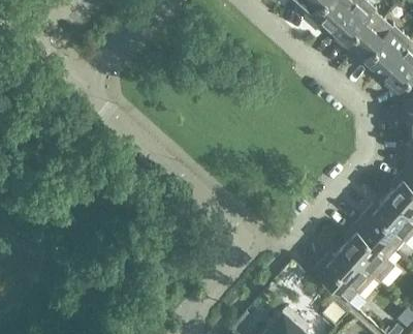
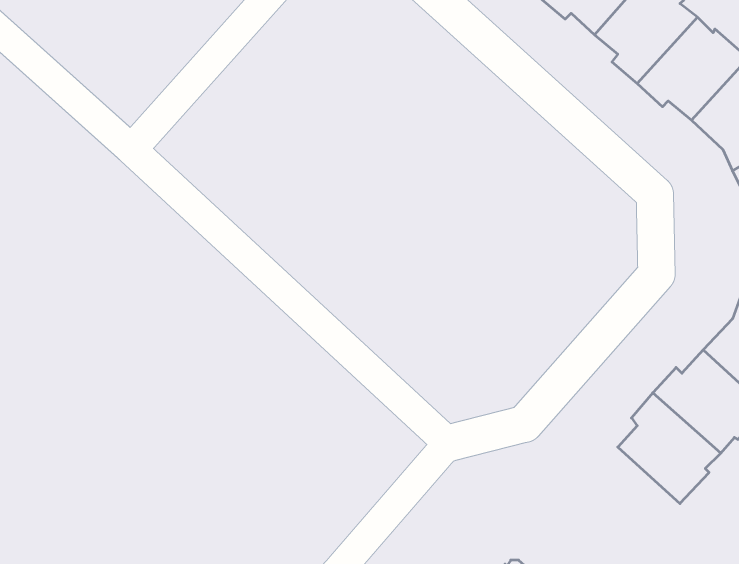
building: [313,249,374,304] -> none

